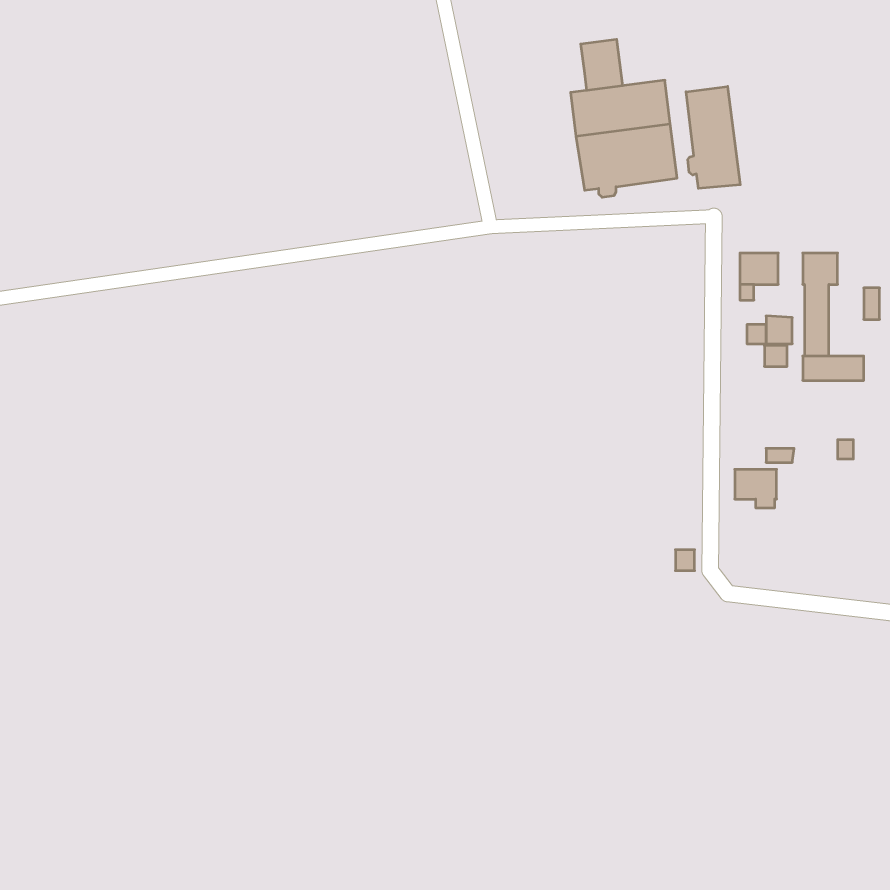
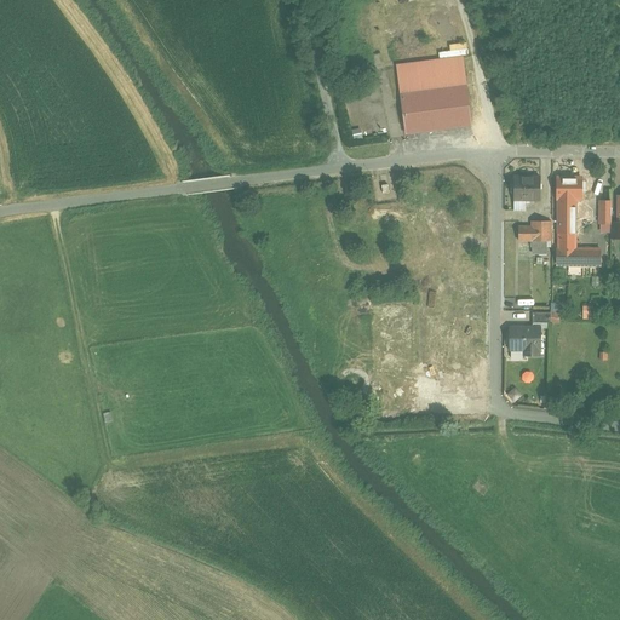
building: [581,39,623,90] -> none
building: [686,86,740,188] -> none

